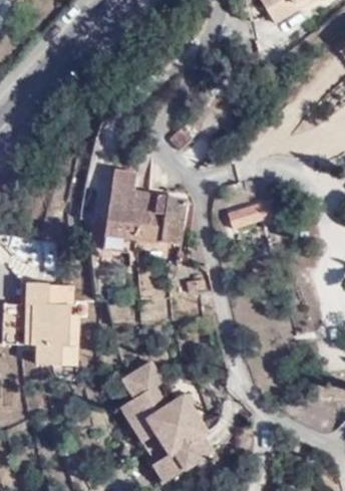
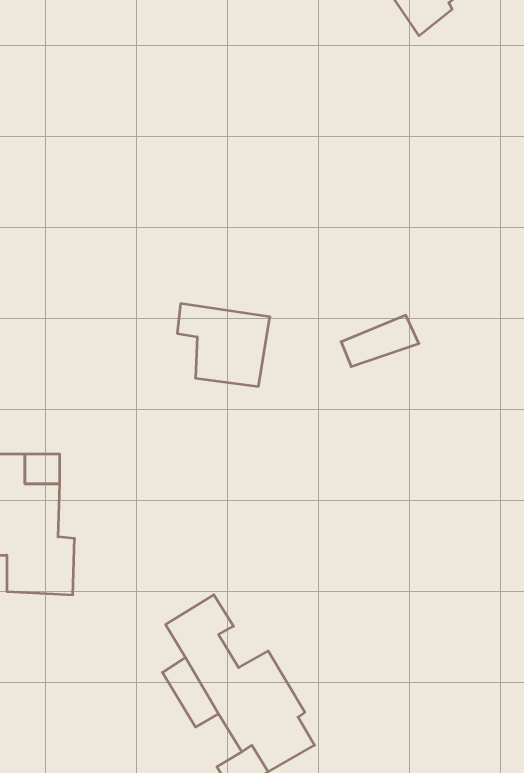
building: [106,164,141,248] -> none

